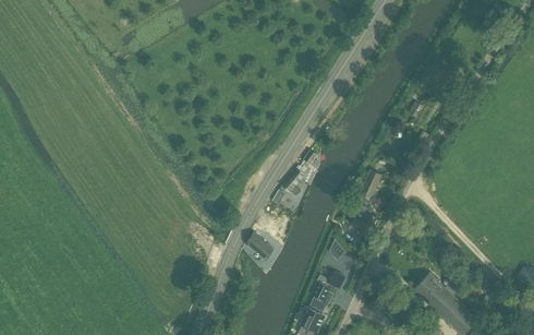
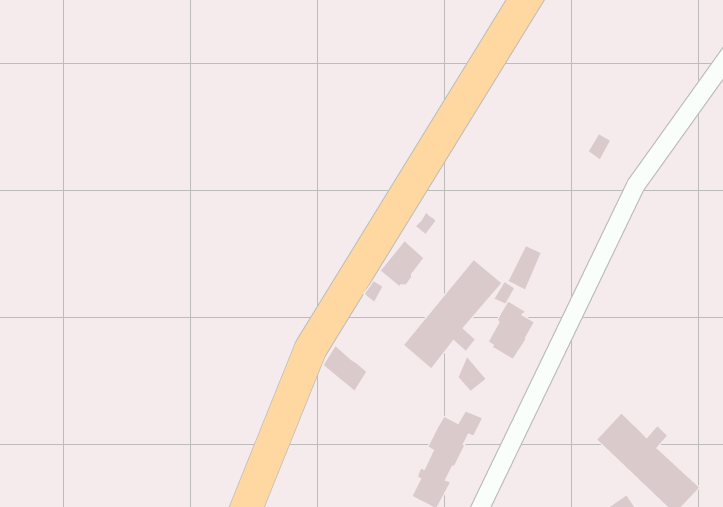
building: none -> [403,259,502,369]

